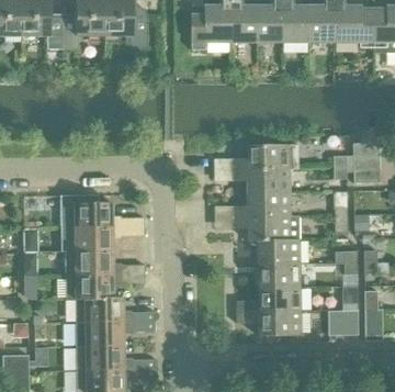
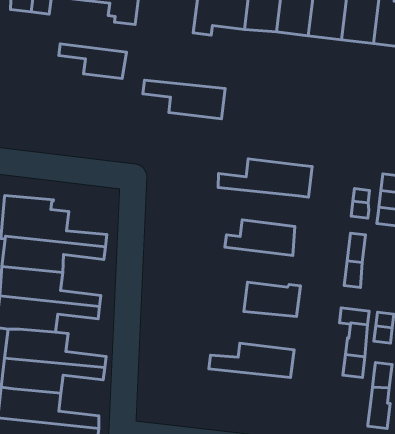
building: none -> [59,44,127,78]
building: [226,168,290,192] -> [143,80,225,119]
building: [237,215,300,240] -> none
building: [258,262,301,289] -> none
building: [236,311,301,336] -> none
building: [327,311,358,336] -> none

